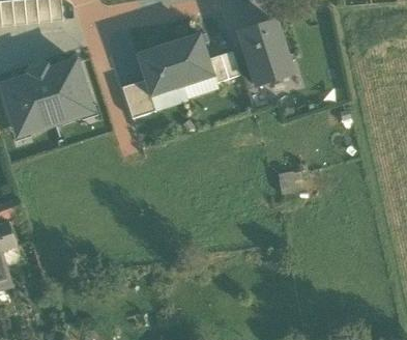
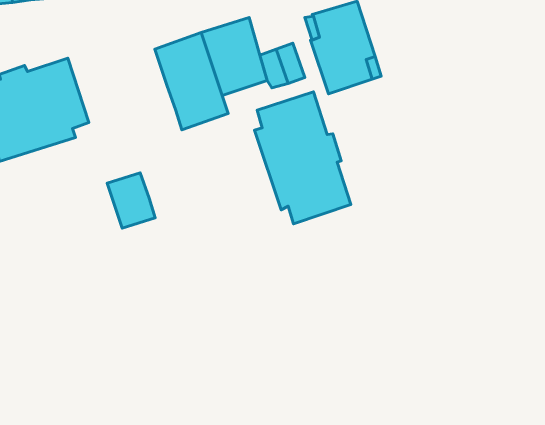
building: [121,80,154,118] -> [107,173,155,228]
building: none -> [254,92,351,224]

